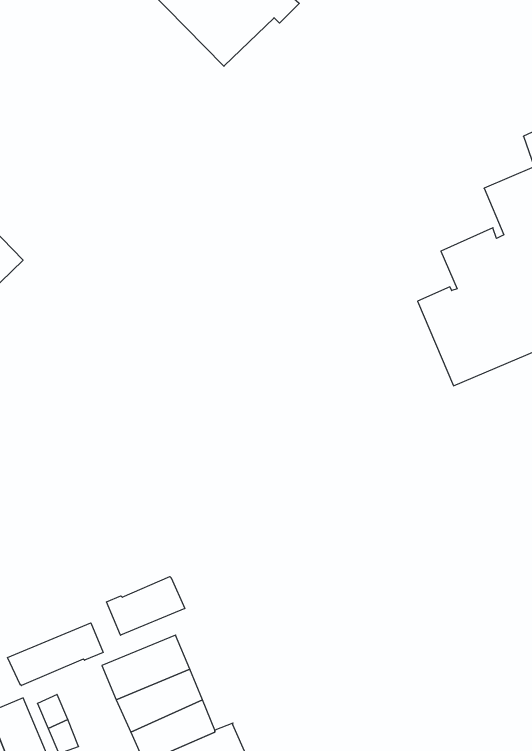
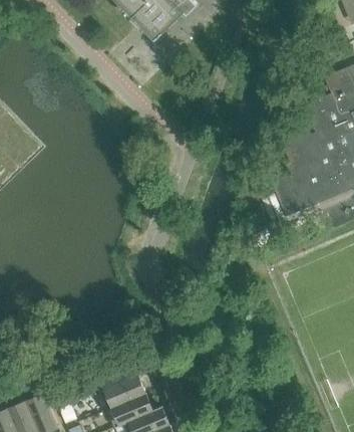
building: [107,577,185,635] -> none
building: [8,623,103,686] -> none

